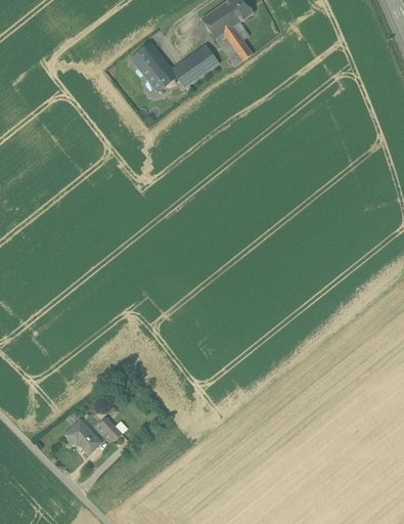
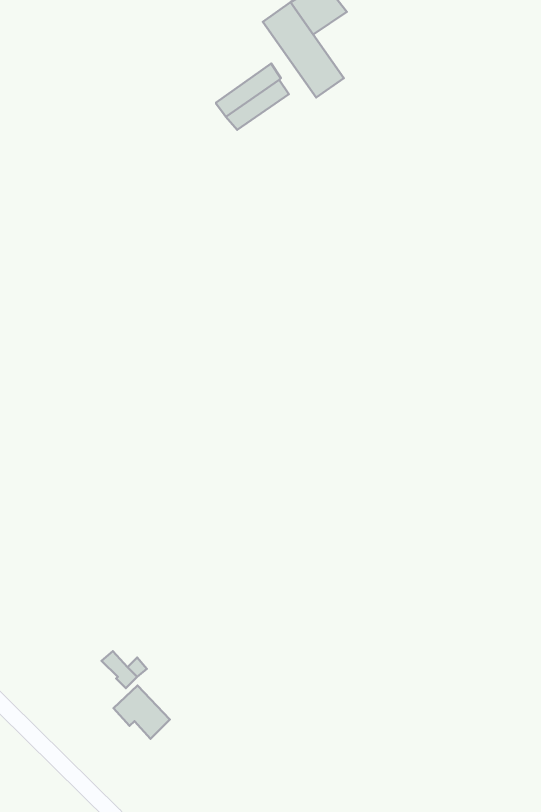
building: [130,43,175,90] -> none
building: [64,420,100,453] -> [113,686,170,739]

